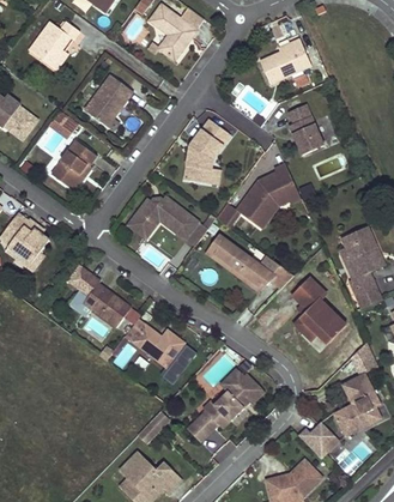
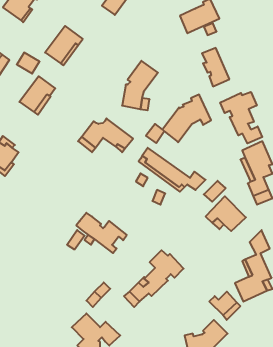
building: none -> [220,92,262,143]
building: [80,273,131,327] -> none

